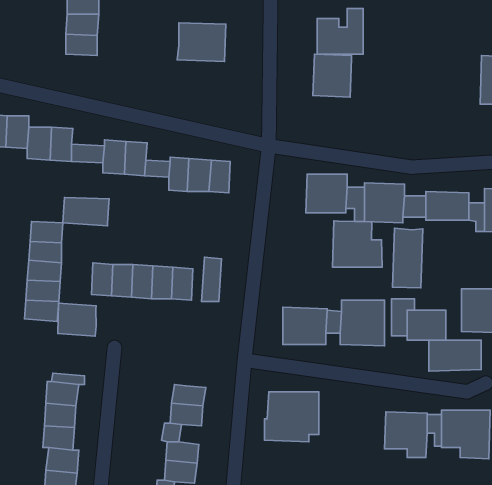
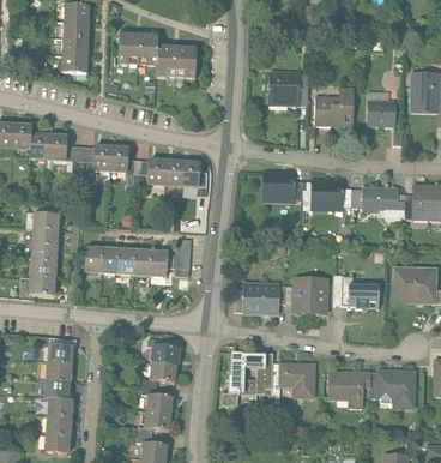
building: none -> [117,31,157,62]
building: [317,9,363,54] -> [315,86,354,125]
building: none -> [367,98,397,127]
building: [63,197,109,226] -> none
building: [332,221,382,267] -> none
building: [392,228,423,288] -> none
building: [58,303,96,336] -> none
building: [429,340,481,371] -> none
building: none -> [279,362,316,398]

